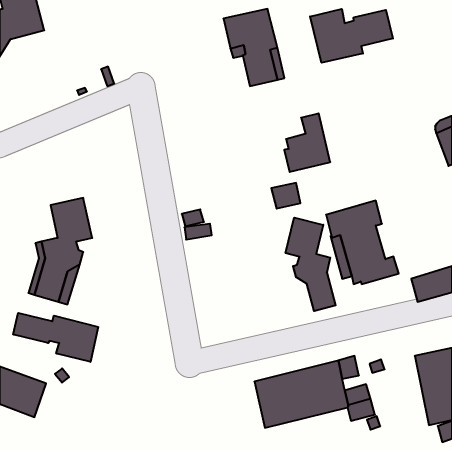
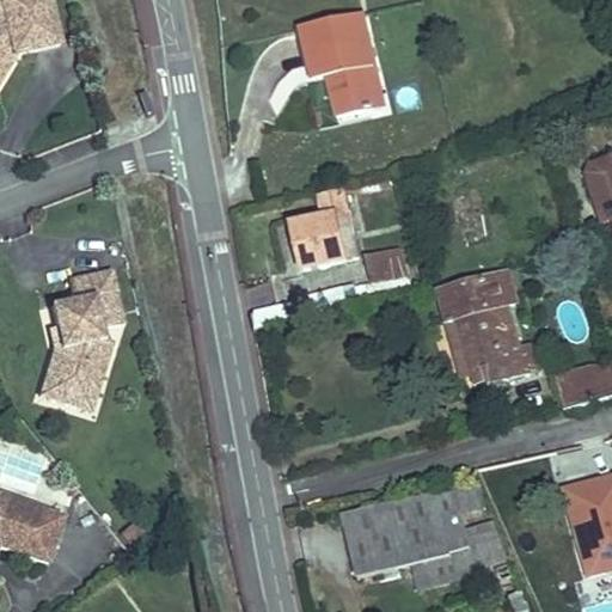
building: [310,9,393,63] -> none
building: [284,113,330,172] -> [295,189,357,268]
building: [286,218,336,311] -> none
building: [13,313,98,362] -> none

